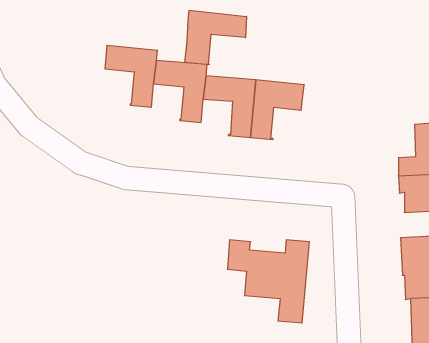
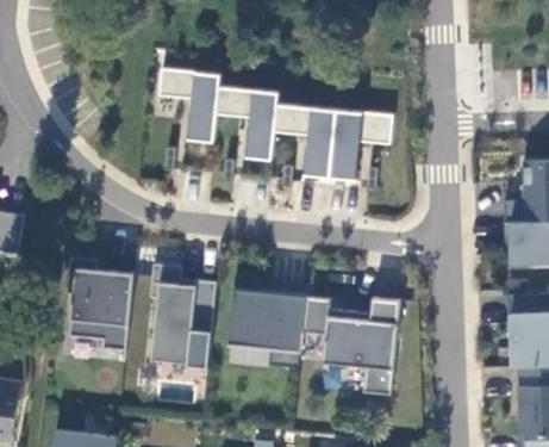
building: [185,10,247,65] -> none
building: none -> [67,257,132,352]
building: none -> [150,265,216,370]
building: none -> [227,275,306,368]

